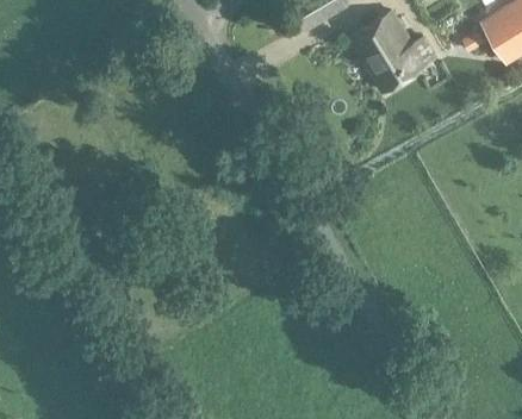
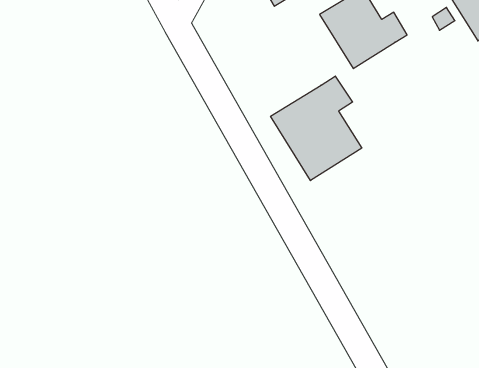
building: none -> [271,76,362,181]

